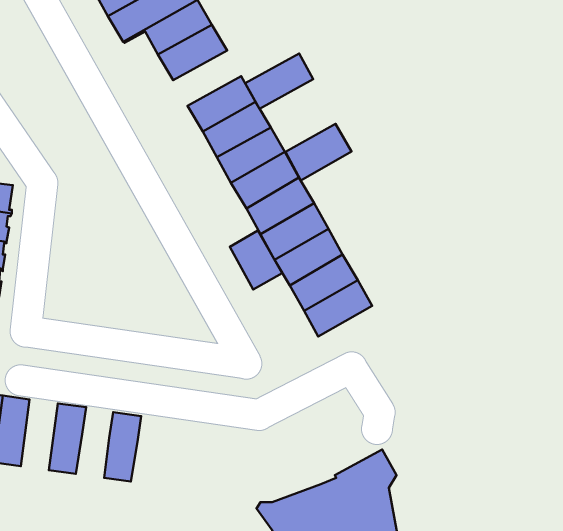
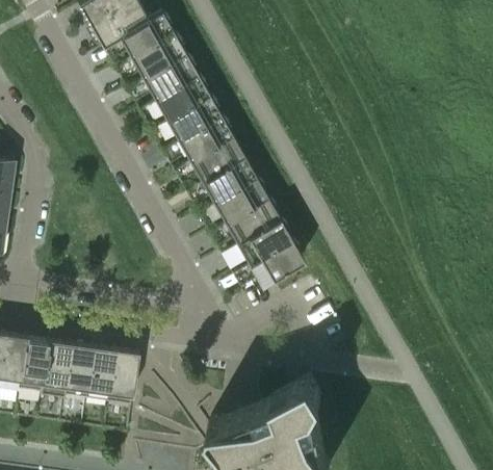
building: [245,54,313,109] -> [142,53,198,98]
building: [286,124,351,181] -> none
building: [230,230,282,289] -> none
building: none -> [19,336,49,393]
building: none -> [63,342,94,399]
building: none -> [108,349,138,406]

